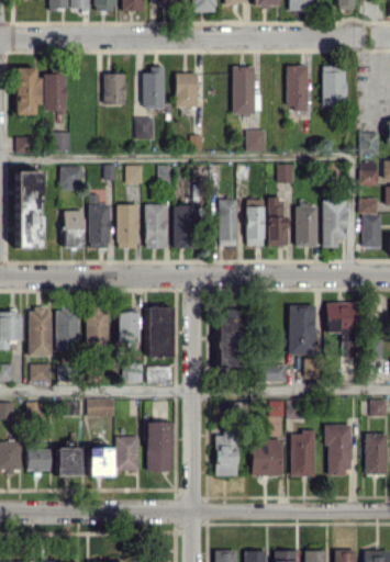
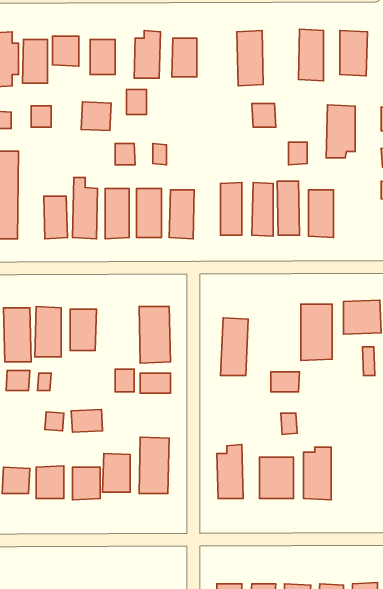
building: none -> [52,36,79,66]
building: [60,166,87,191] -> [81,102,111,131]
building: [322,200,347,246] -> [326,105,355,158]
building: [119,313,138,348] -> none
building: [325,425,353,475] -> none

